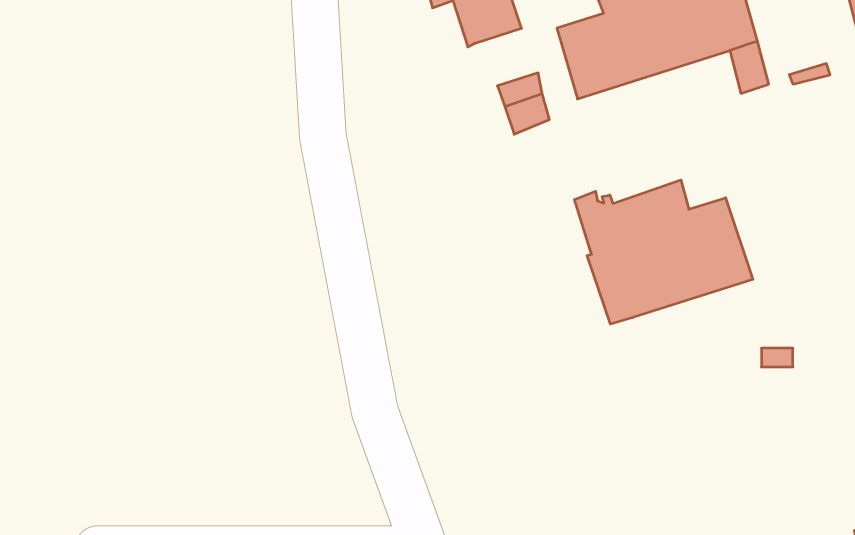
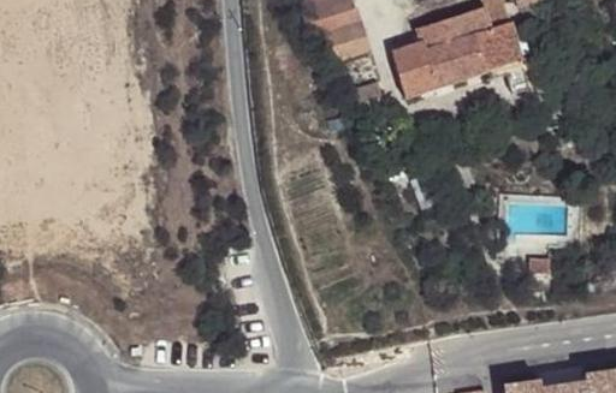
building: [574,180,753,324] -> none

